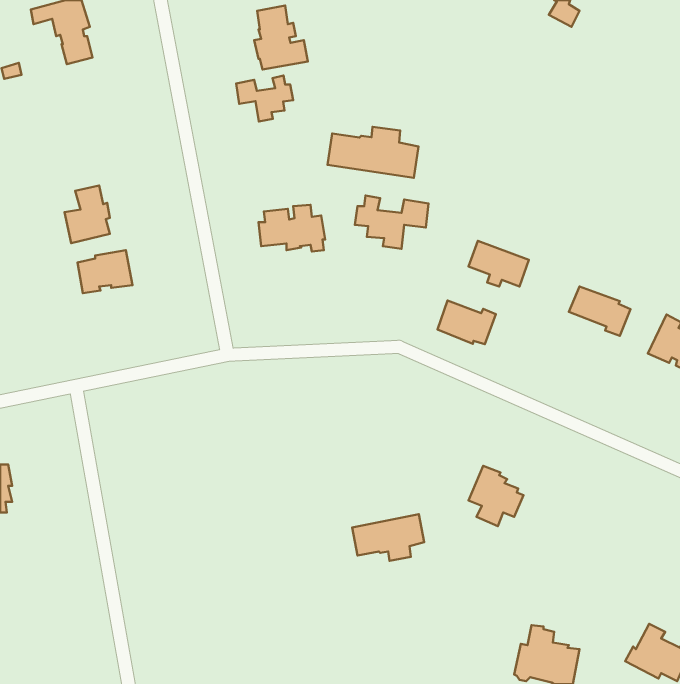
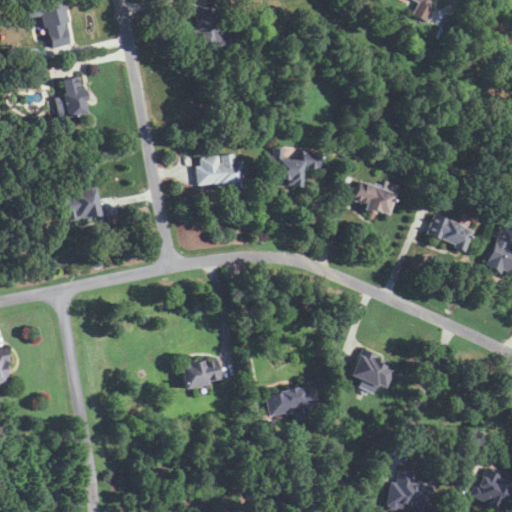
building: [236,76,293,121] -> none
building: [328,127,418,178] -> none
building: [64,186,110,243] -> [55,75,89,118]
building: [437,300,496,344] -> none
building: none -> [183,359,224,389]

